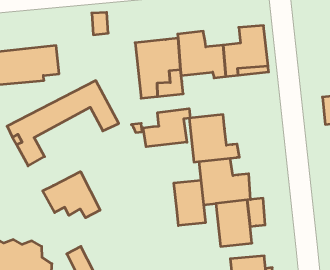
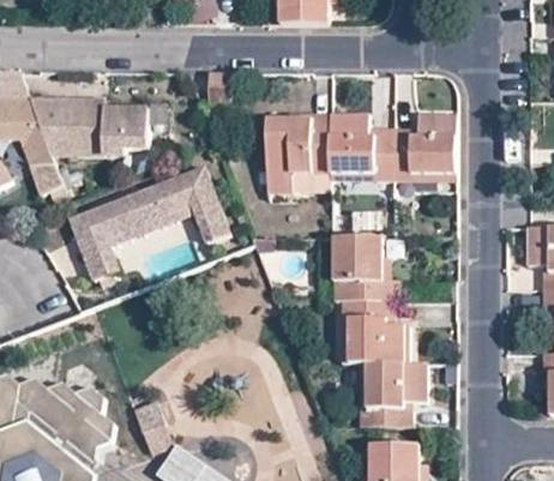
building: [143,109,190,147] -> none
building: [43,172,100,218] -> none
building: [174,180,205,226] -> none

